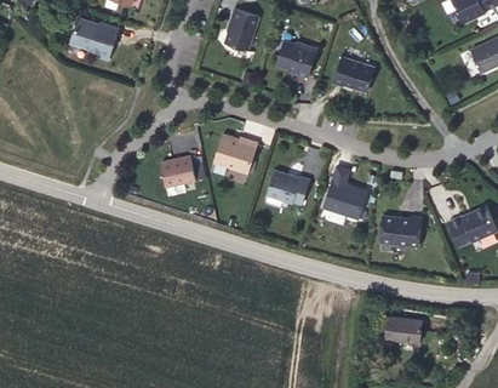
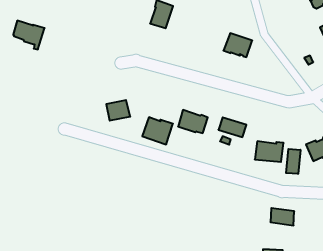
building: [70,16,116,58] -> [13,21,45,49]
building: [275,41,315,76] -> none
building: [211,133,256,173] -> [142,117,173,144]
building: none -> [286,149,300,174]

